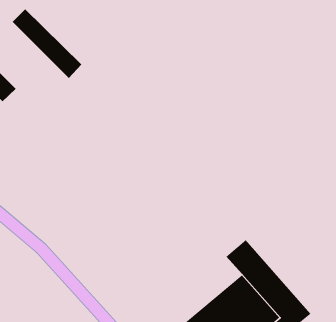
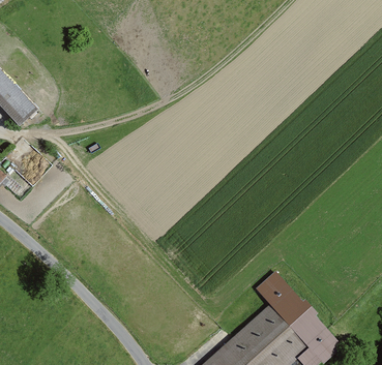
building: [12,9,82,79] -> none

